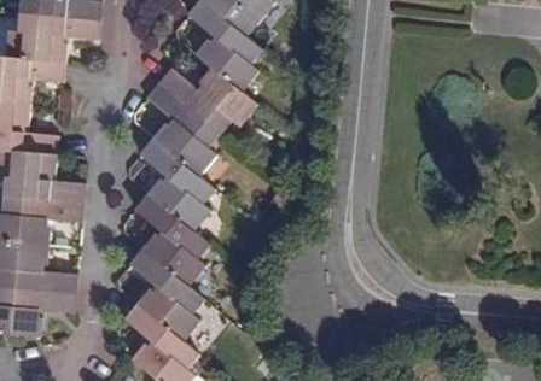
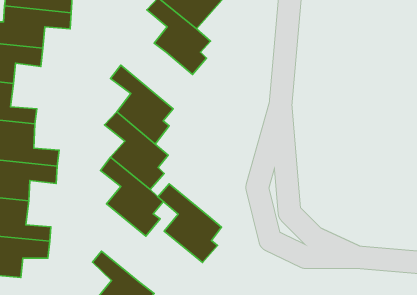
building: [157,66,257,134] -> none
building: [127,247,203,341] -> [158,184,222,263]

